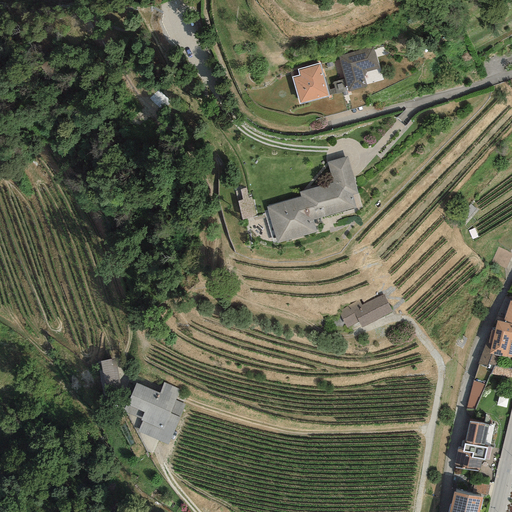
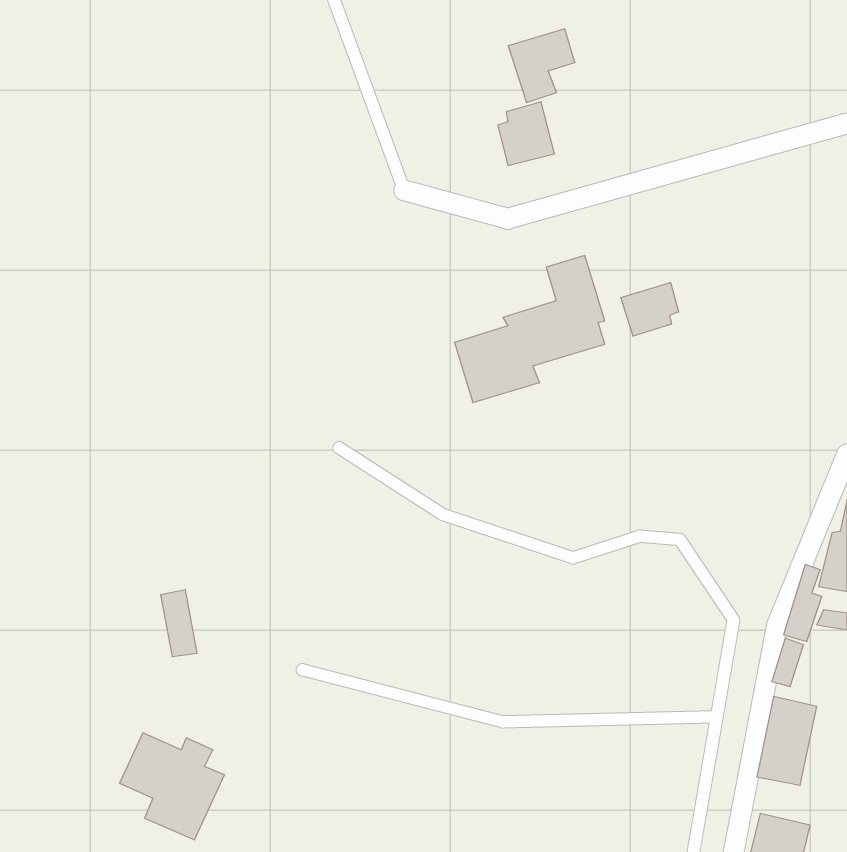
building: [341,45,381,89] -> [508,29,575,103]
building: none -> [621,282,679,336]
building: [338,294,392,328] -> none
building: [119,379,182,443] -> [119,733,225,840]

